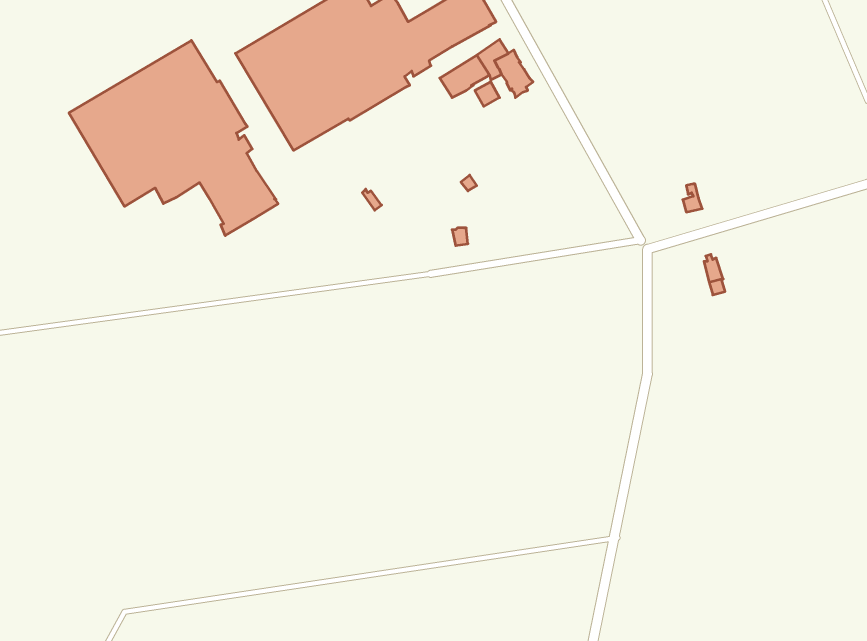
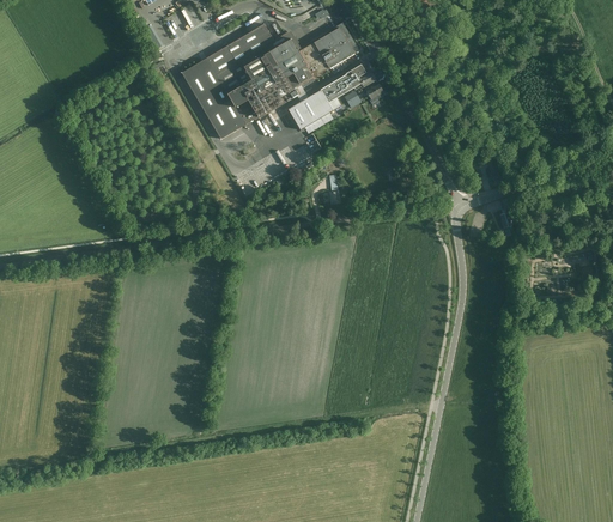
building: [69,40,278,236] -> none
building: none -> [286,89,342,129]

